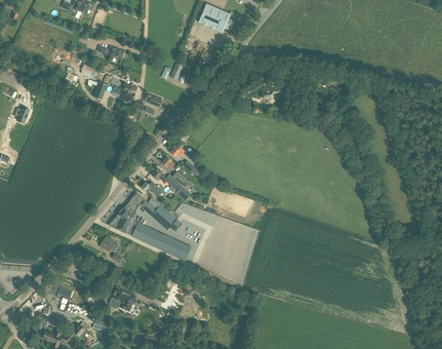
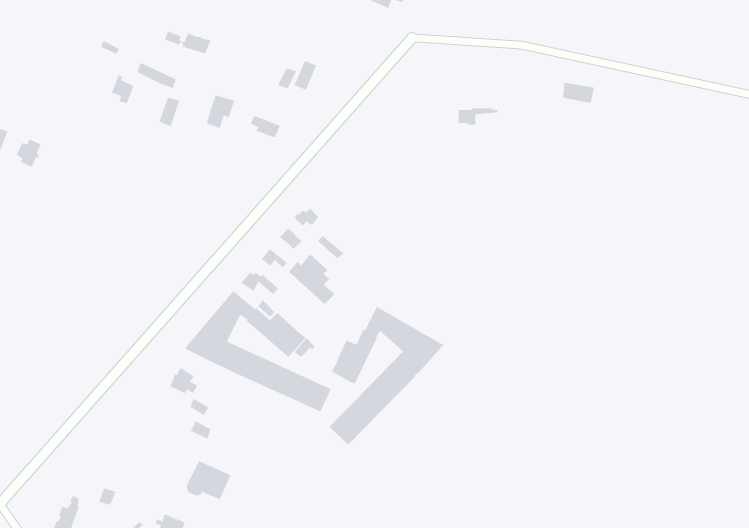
building: none -> [329,306,444,445]

